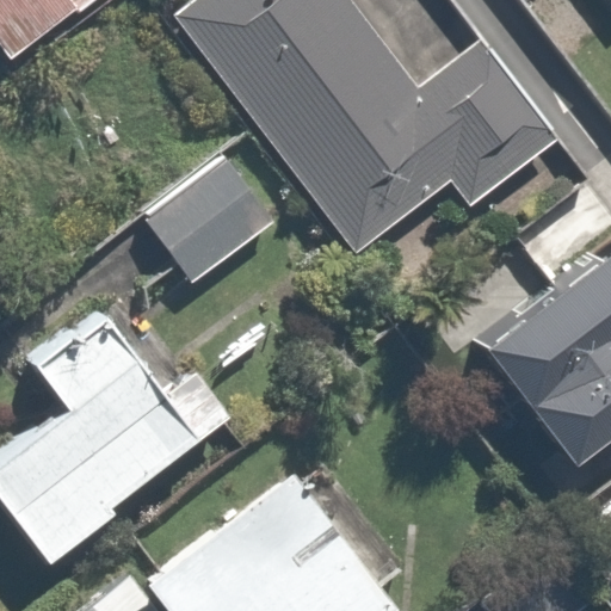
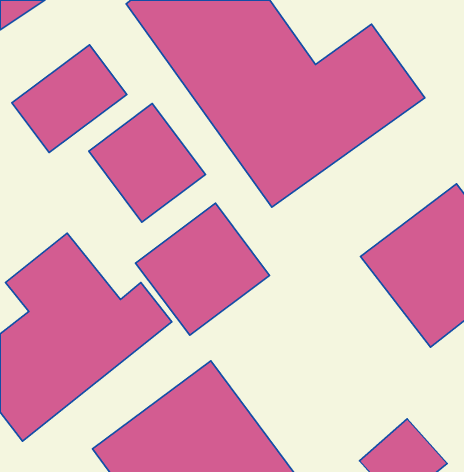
building: none -> [12,45,127,153]
building: none -> [136,203,270,335]

